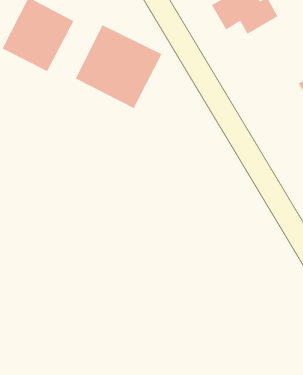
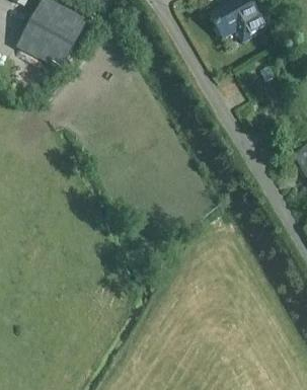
building: [75,24,163,109] -> none

